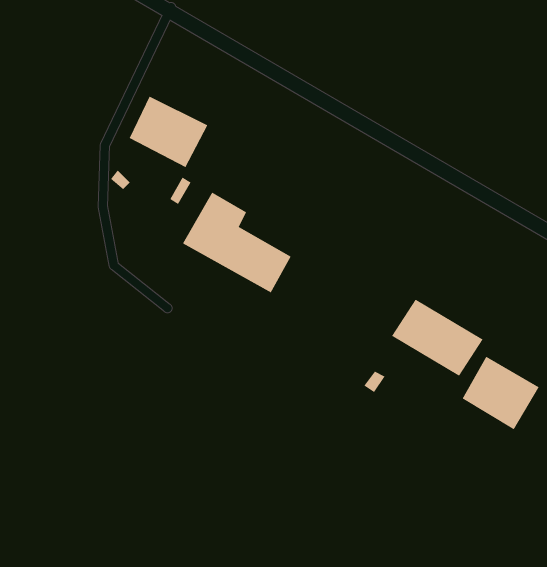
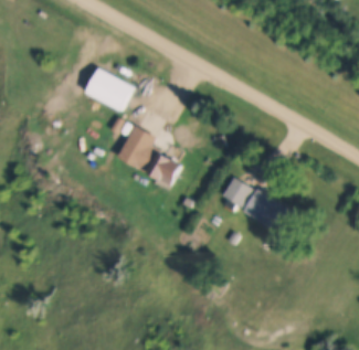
building: none -> [221,177,251,206]
building: [462,356,539,430] -> none

